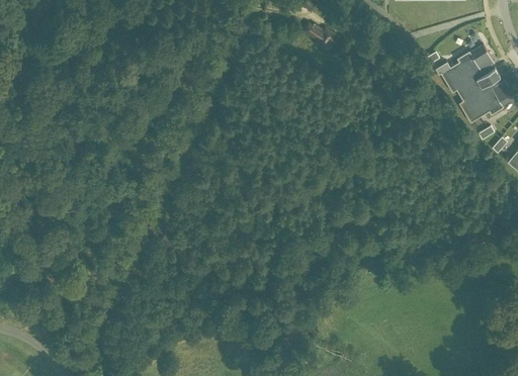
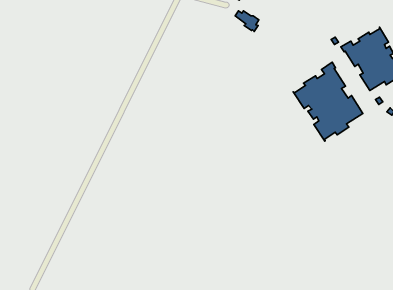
building: none -> [293,62,363,141]

